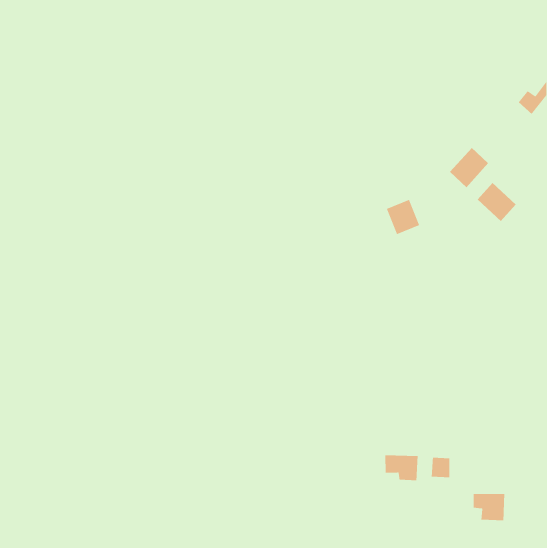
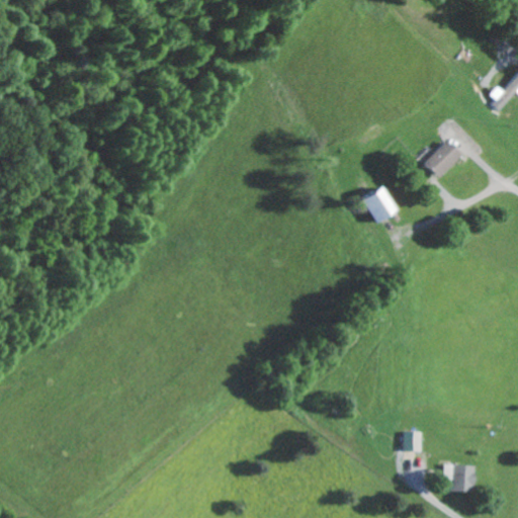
building: [477,182,517,222] -> none
building: [384,454,419,481] -> none

